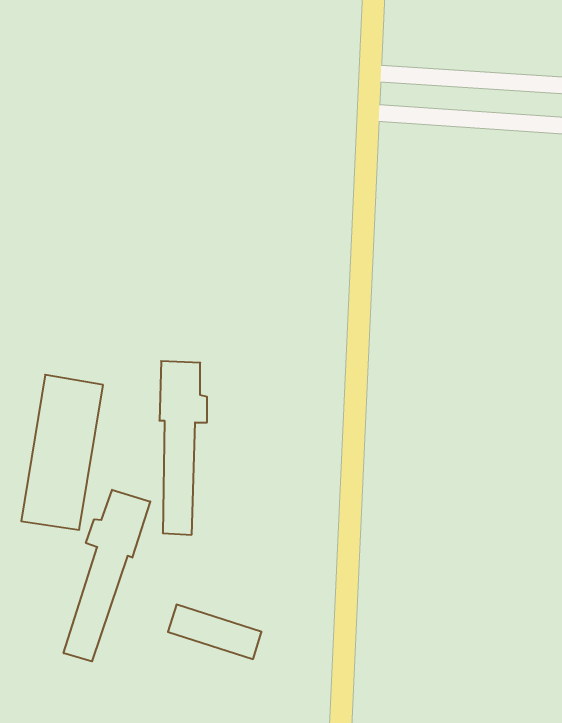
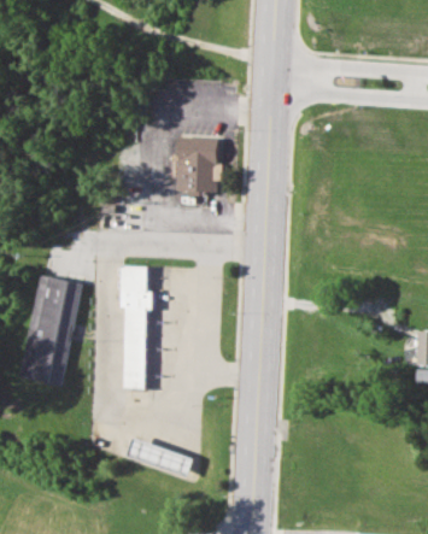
building: none -> [177,136,218,195]
building: [64,490,150,661] -> none

